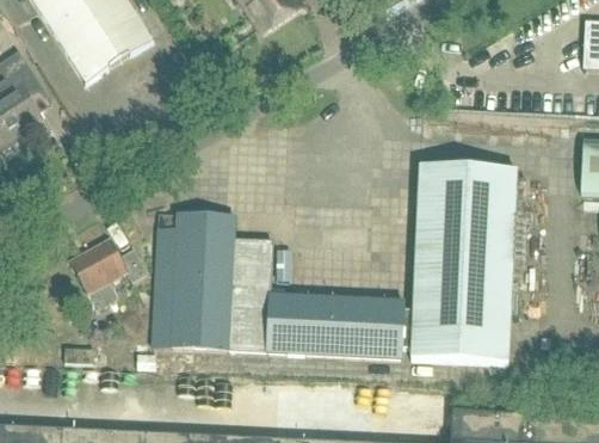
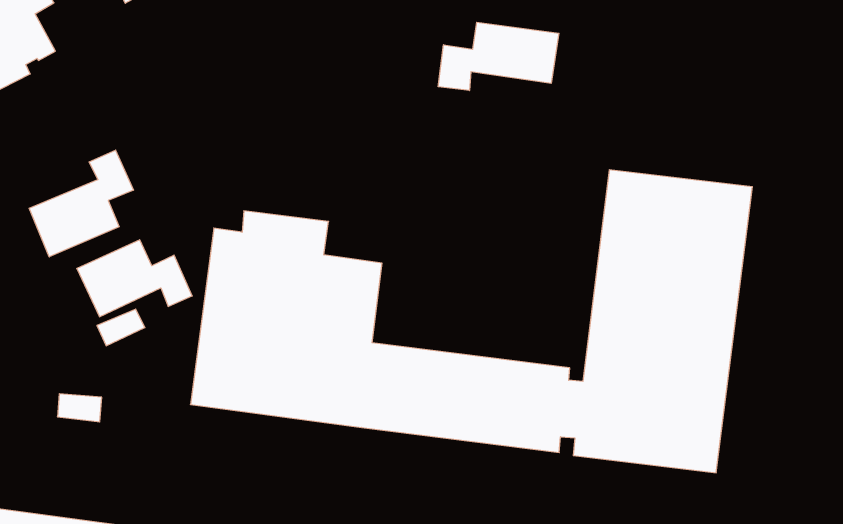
building: none -> [438,22,559,91]
building: none -> [29,150,133,257]

